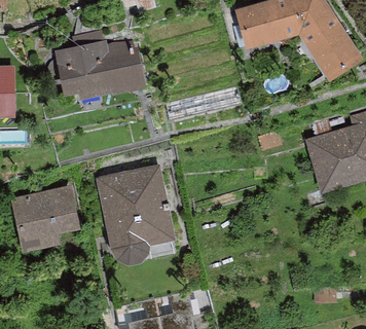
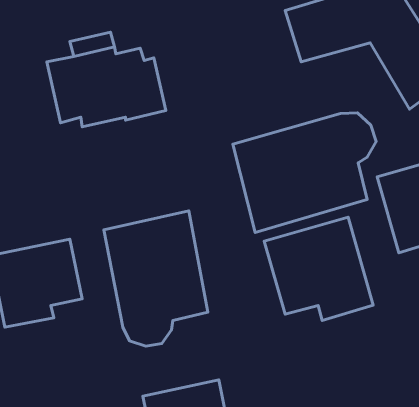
building: none -> [233,113,376,232]
building: none -> [264,217,373,320]

